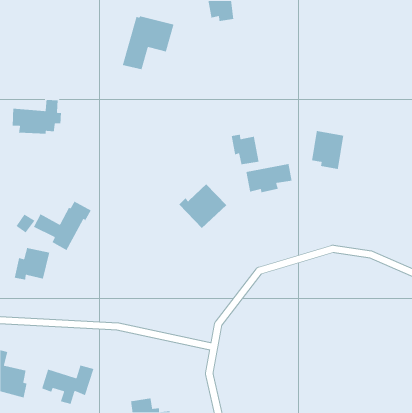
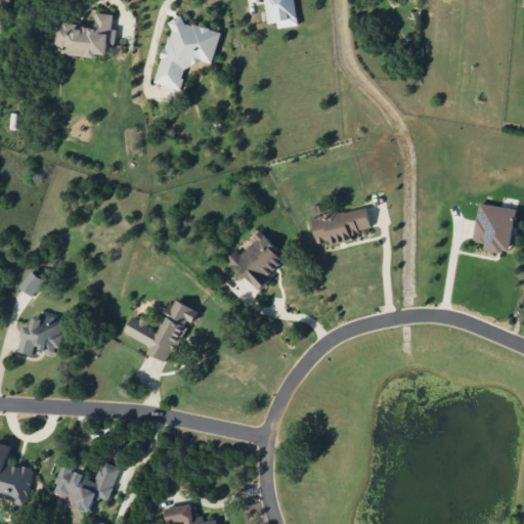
building: [12,99,62,135] -> [53,12,117,57]
building: [311,130,344,170] -> [473,203,515,253]
building: [231,134,260,165] -> none
building: [33,200,92,251] -> [124,299,199,363]

